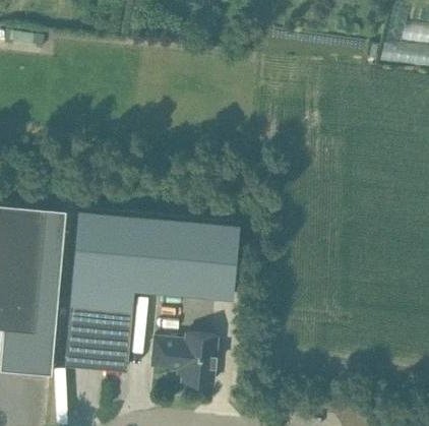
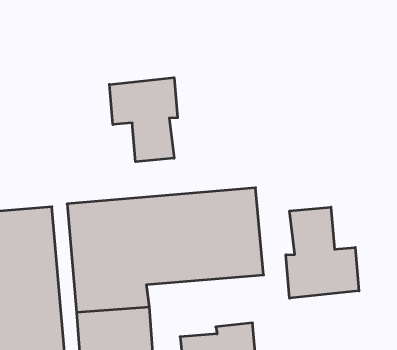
building: none -> [109,78,178,162]
building: none -> [286,207,359,298]

